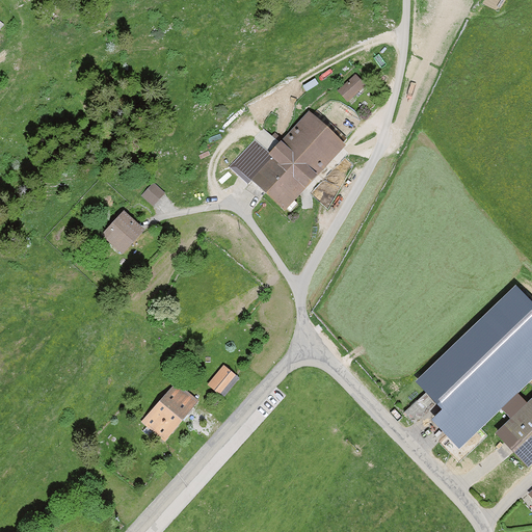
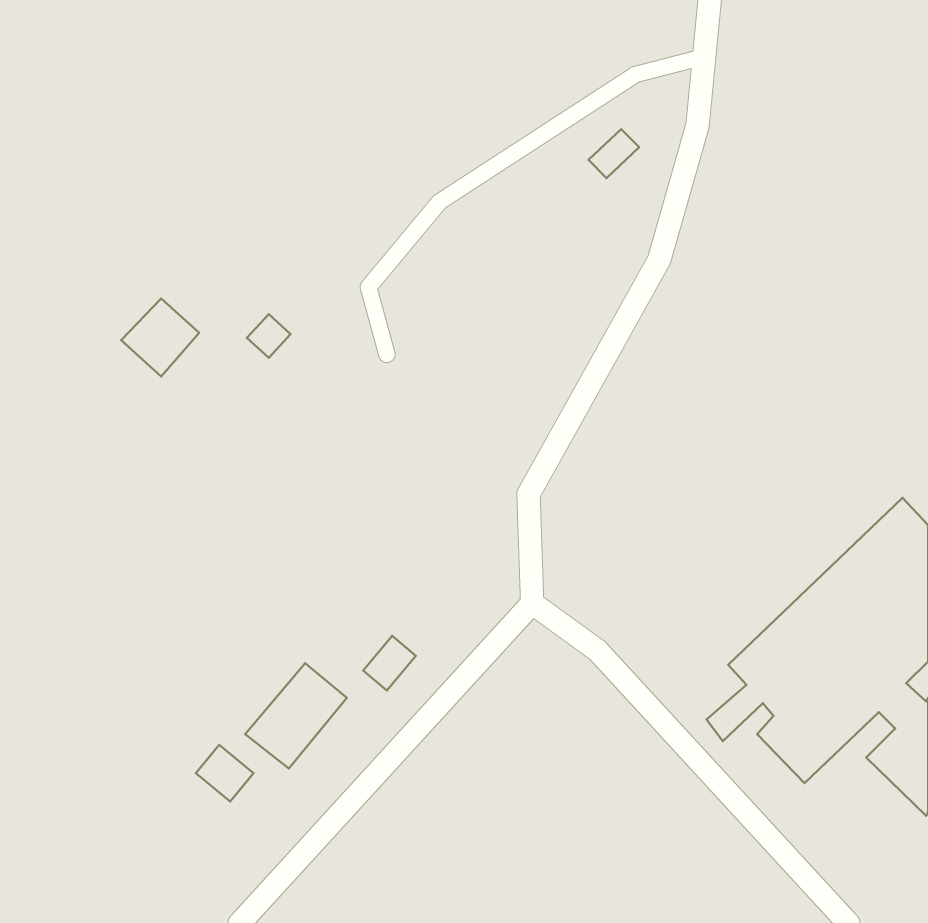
building: [238,112,345,211] -> none
building: [101,210,145,255] -> [121,298,199,377]
building: none -> [196,745,253,801]

